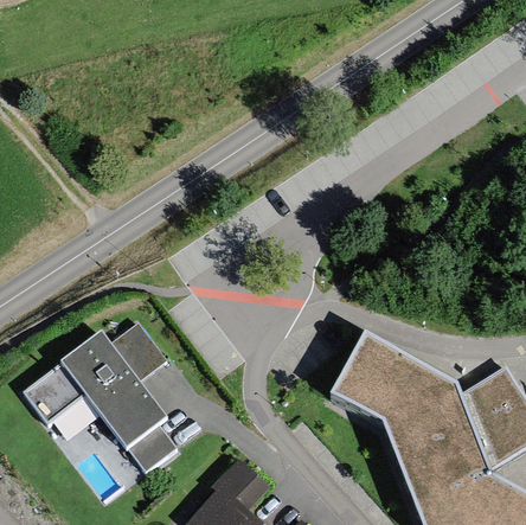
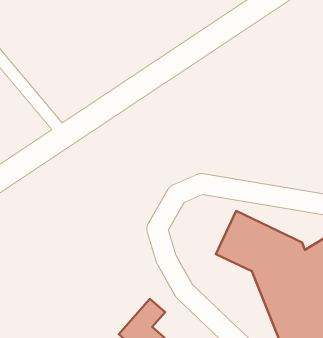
building: [26,321,179,475] -> none

